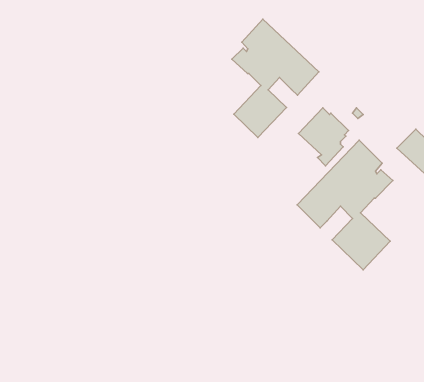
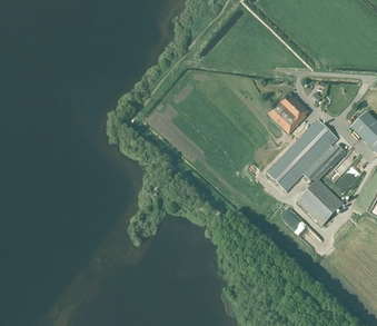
building: [232,19,319,137] -> none

